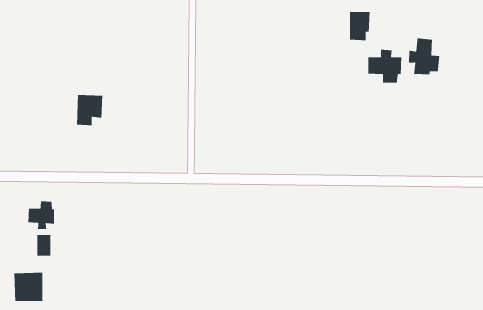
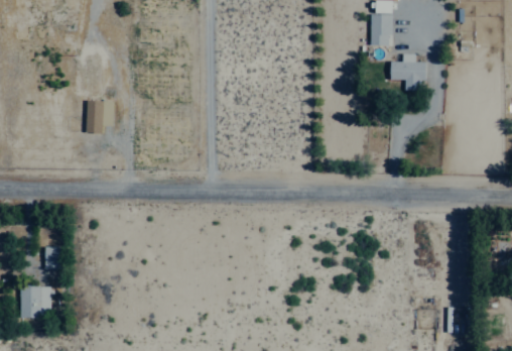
building: [408,37,440,75] -> none
building: [28,200,55,230] -> none

